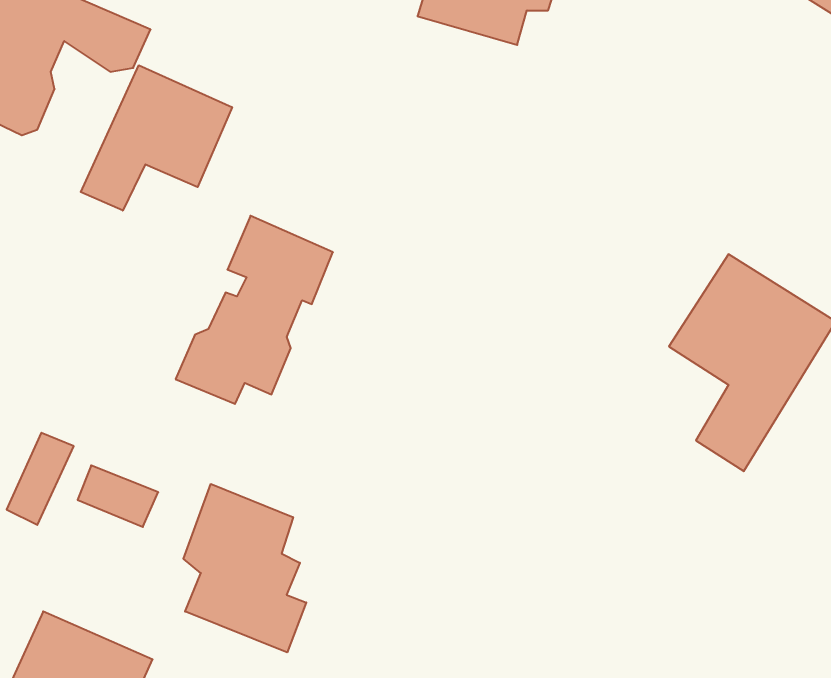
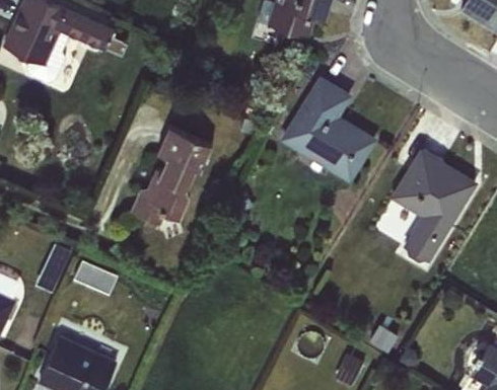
building: [81,65,232,211] -> none
building: none -> [279,75,377,184]
building: [183,484,306,652] -> none

